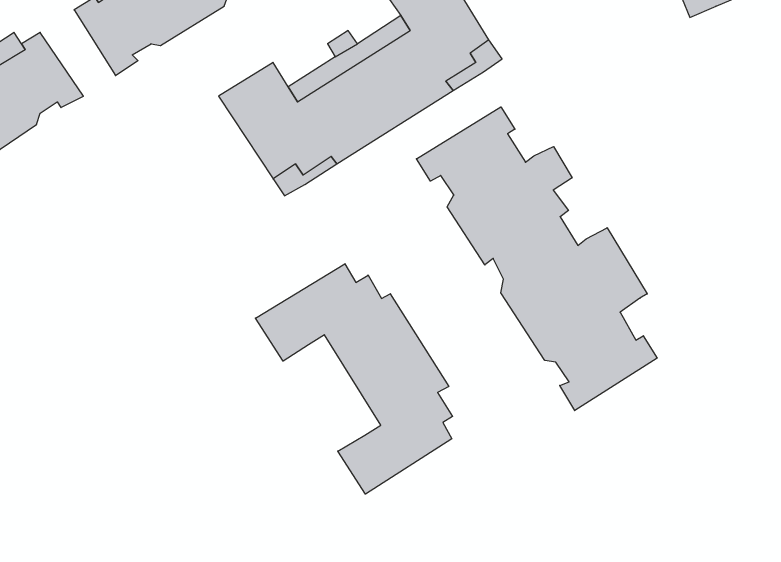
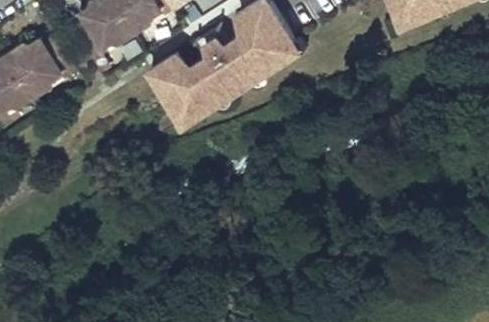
building: [416,107,657,411] -> none
building: [255,264,453,494] -> none

